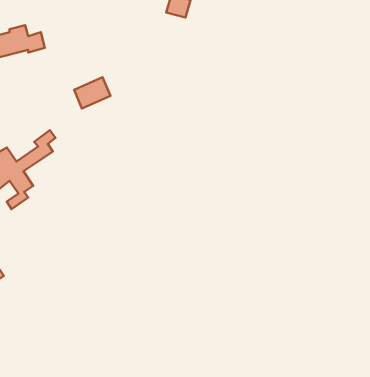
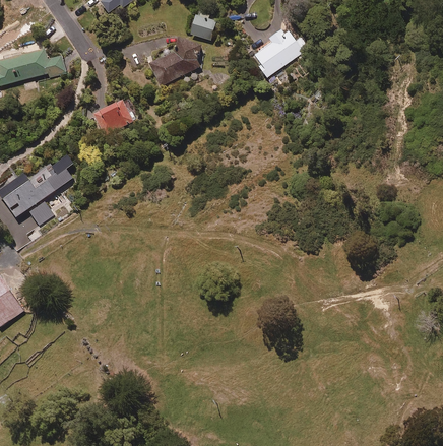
building: none -> [255,28,302,77]
building: none -> [149,40,202,84]

